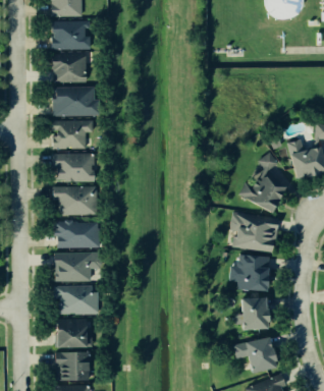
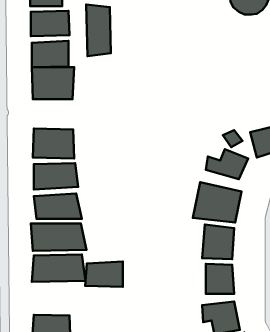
building: none -> [86,4,111,56]
building: [52,118,96,151] -> none
building: [53,320,94,347] -> [85,261,123,287]

